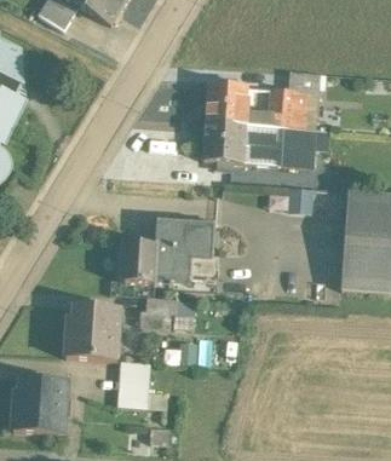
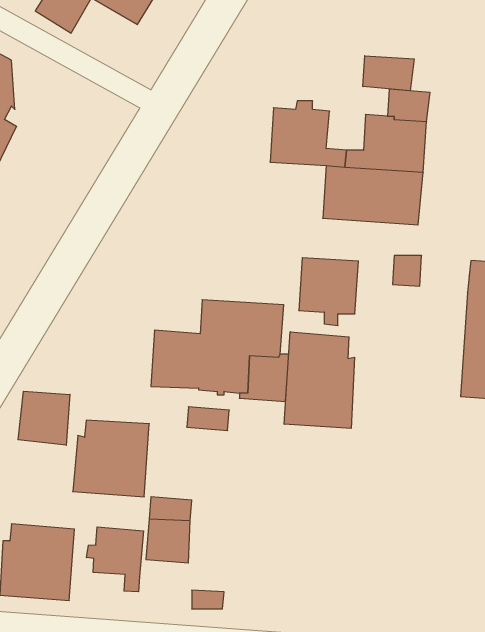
building: none -> [363,56,414,91]
building: [202,120,245,168] -> [299,258,358,326]
building: none -> [284,332,354,428]
building: none -> [18,391,70,445]
building: none -> [87,527,143,592]

